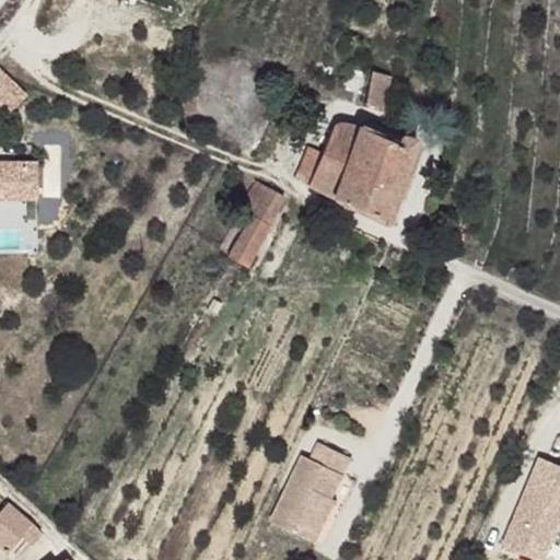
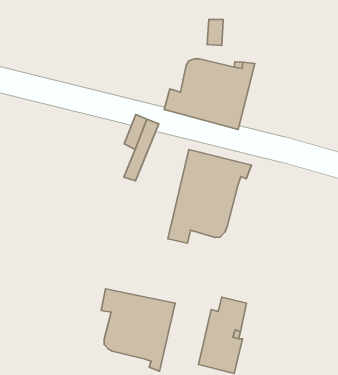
building: none -> [168,149,251,243]
building: none -> [101,289,175,371]

